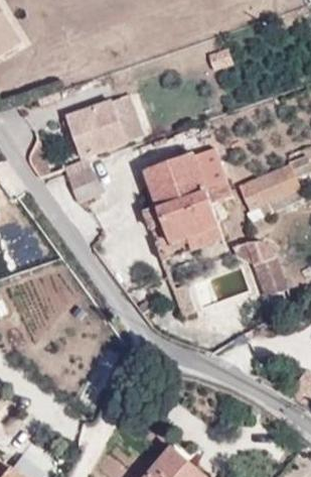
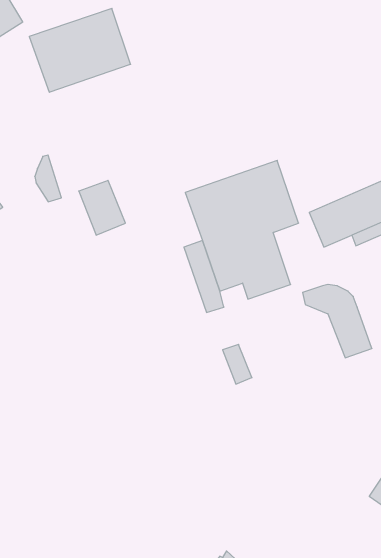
building: [66,94,143,157] -> [29,8,131,92]

